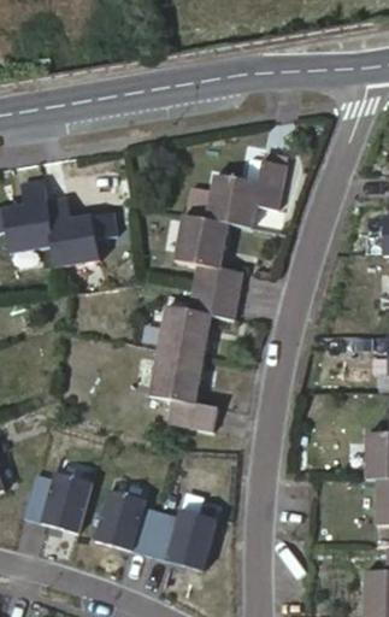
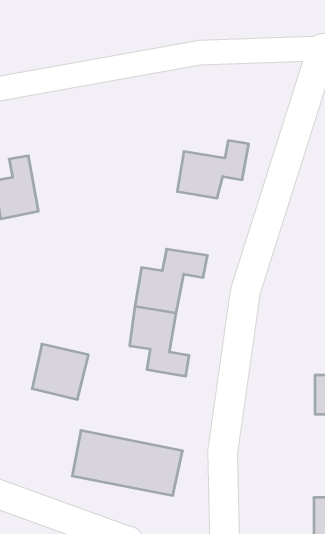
building: [45,201,116,266] -> none
building: [175,219,243,295] -> none
building: [24,465,87,527] -> [32,344,88,399]

